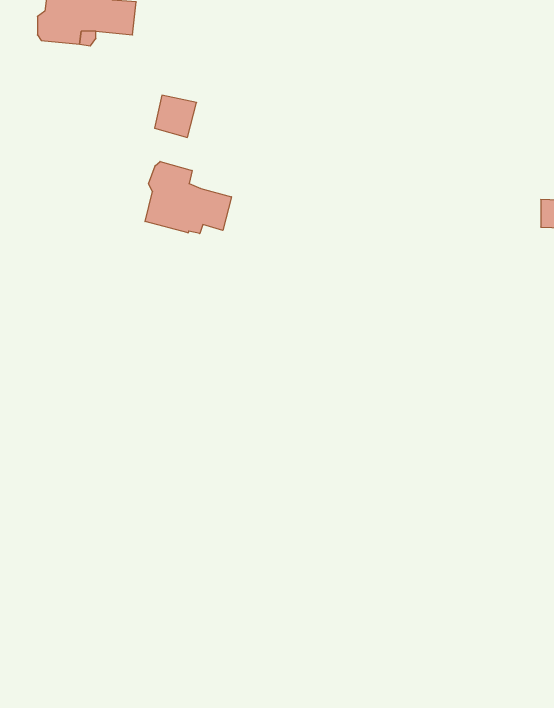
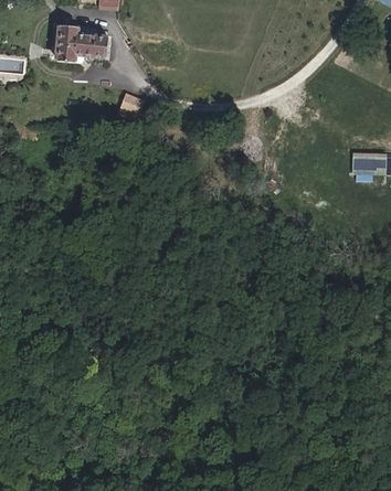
building: [145,161,231,234] -> none

